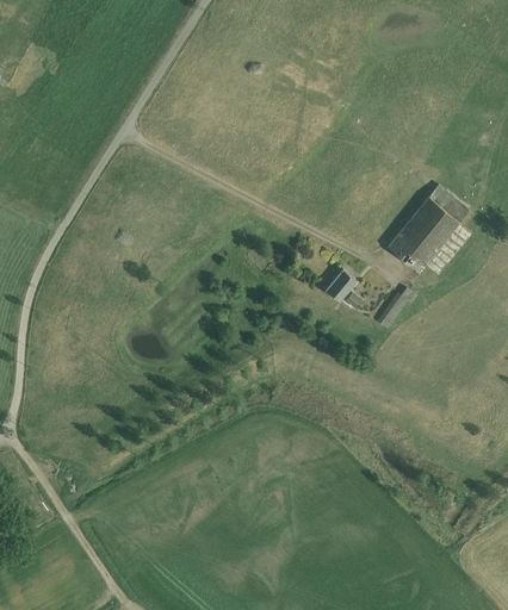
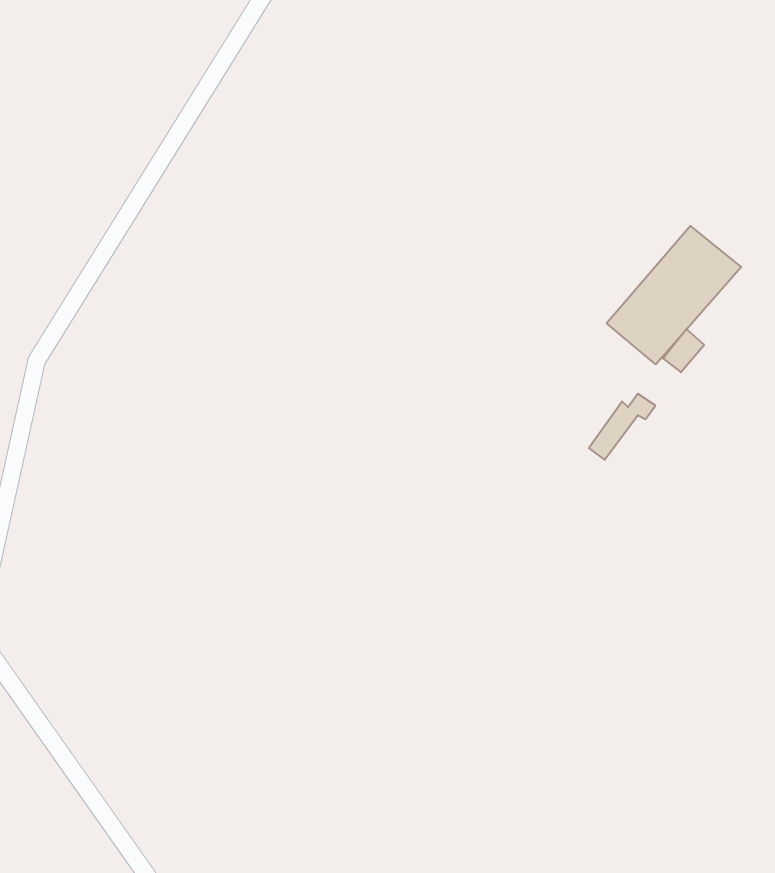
building: [324,270,363,310] -> none

